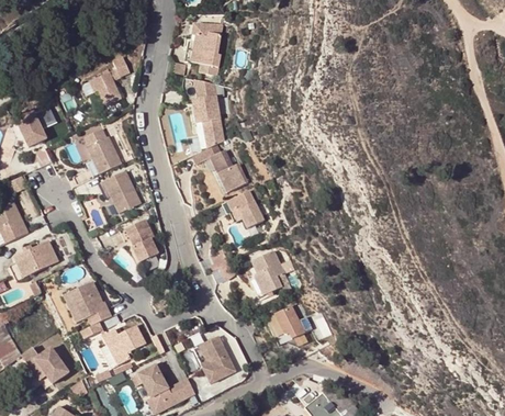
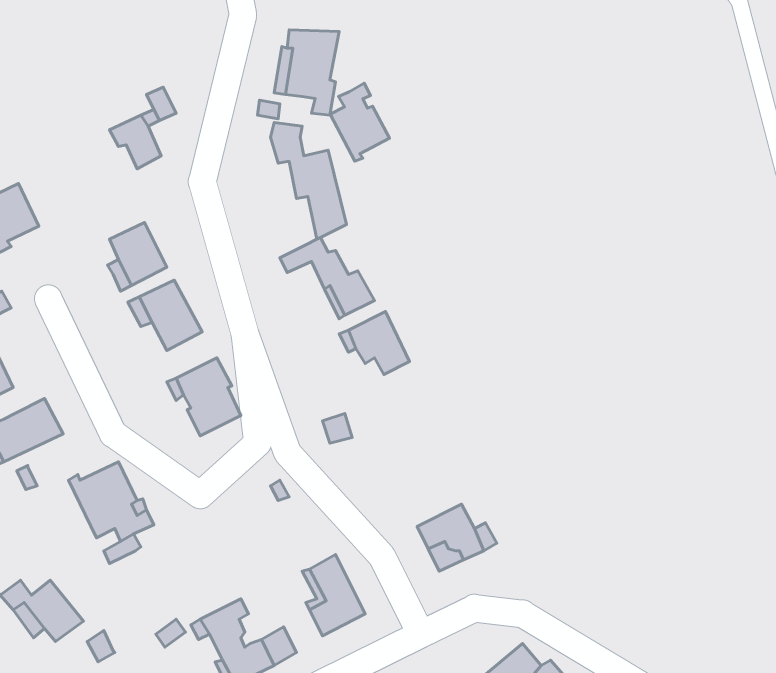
building: none -> [330,83,389,161]
building: [247,248,287,295] -> none
building: [103,325,146,366] -> none

